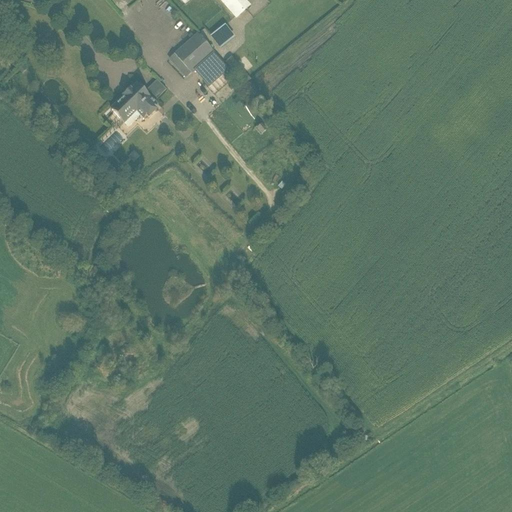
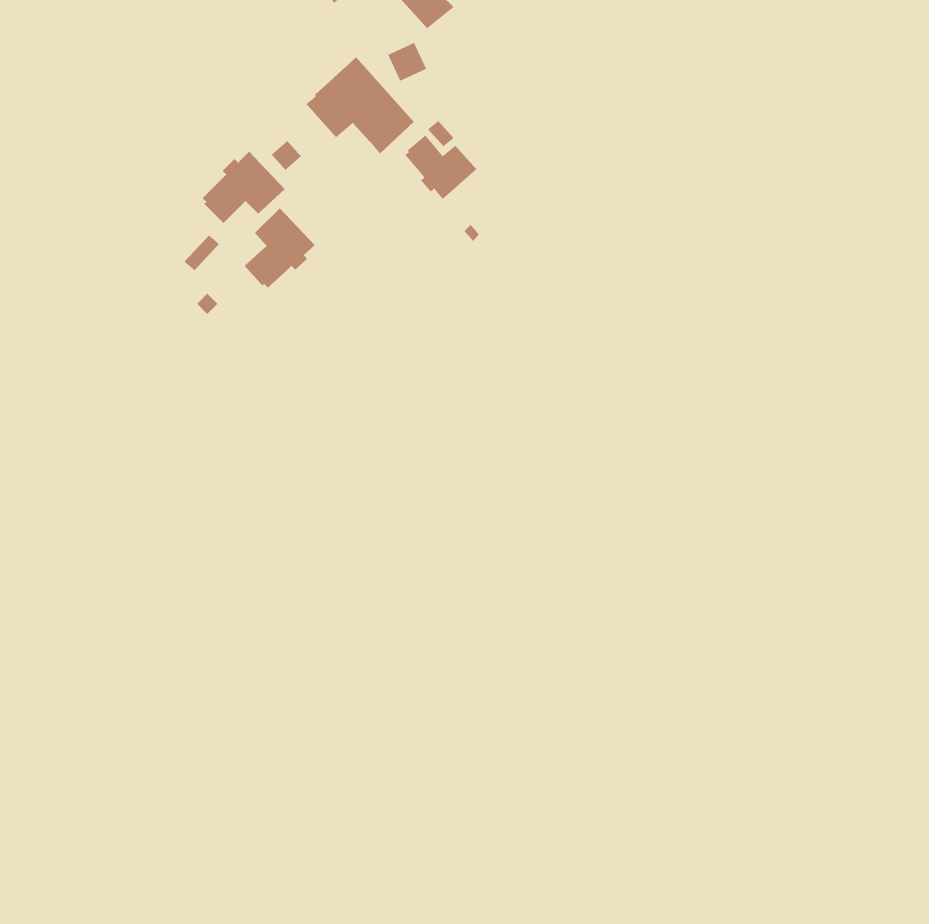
building: none -> [404,134,477,200]
building: none -> [244,208,316,288]

